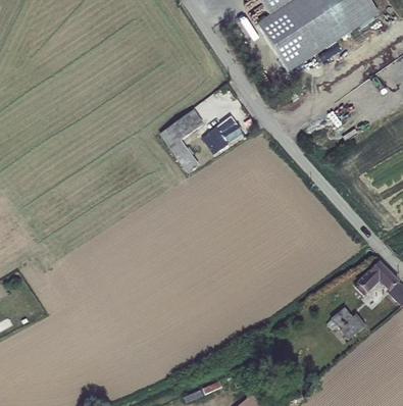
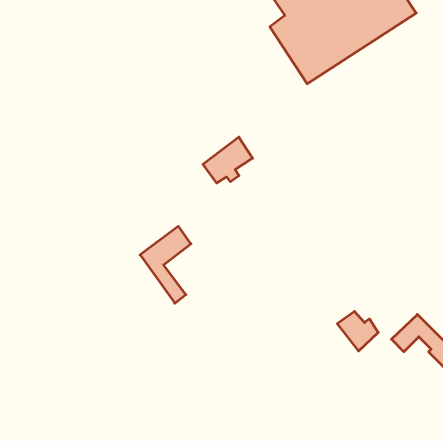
building: [161,109,203,172] -> [140,226,191,303]
building: [331,306,364,339] -> [337,311,378,351]

